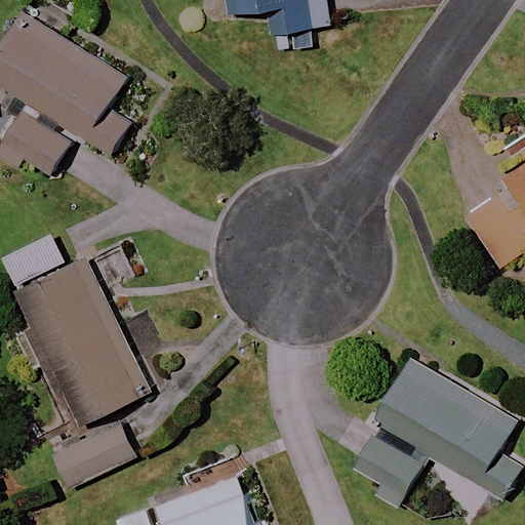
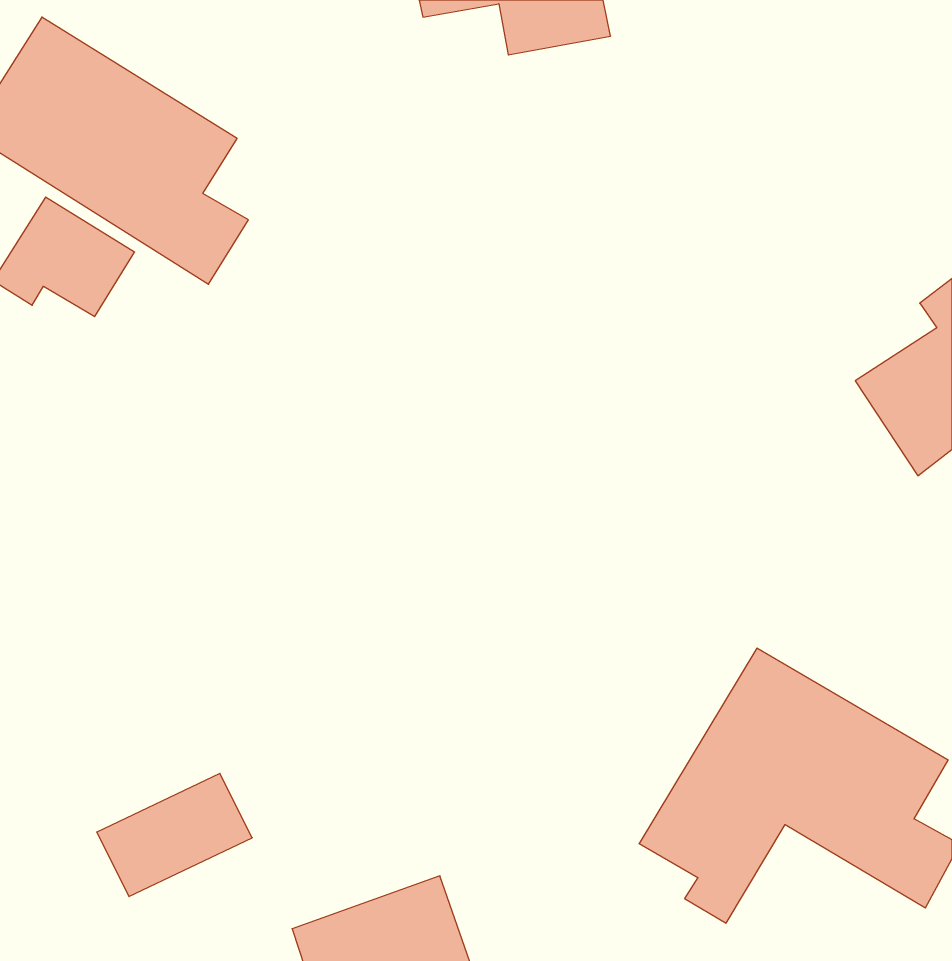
building: [13,257,150,426] -> none

